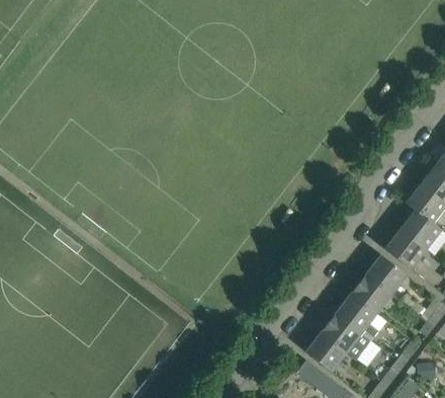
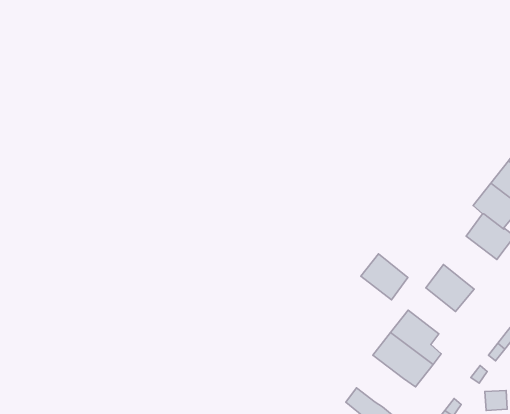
building: [385,230,427,269] -> none
building: [351,274,391,314] -> [361,254,408,300]
building: [305,332,347,372] -> none

